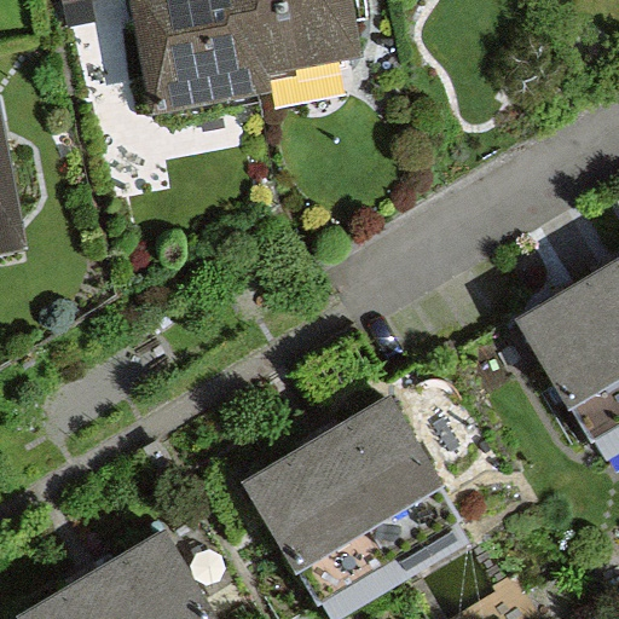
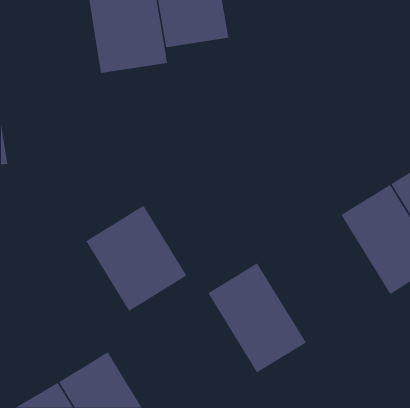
building: none -> [85,205,187,312]
building: [239,439,388,604] -> none

